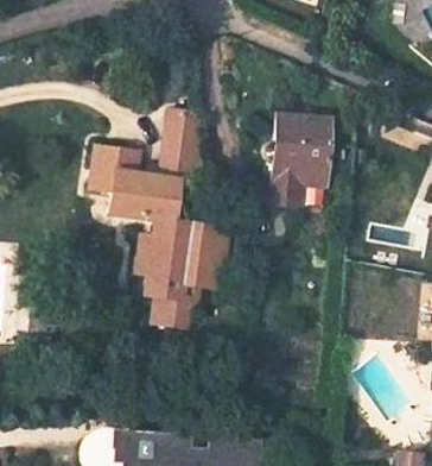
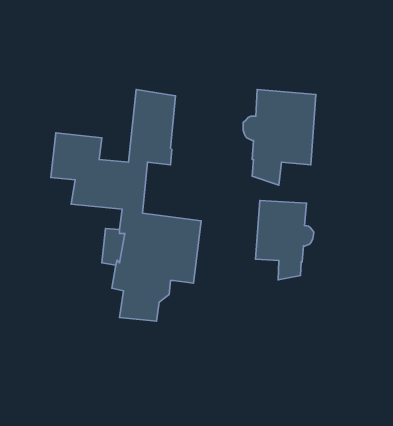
building: none -> [255,200,314,280]

